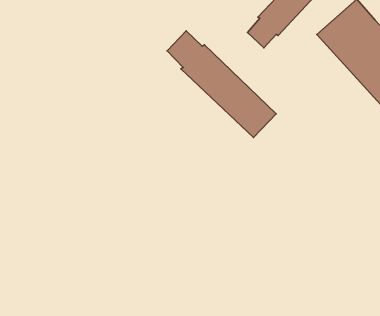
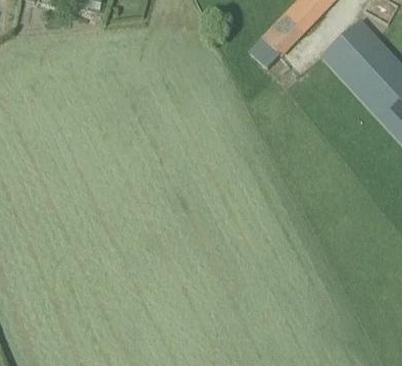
building: [167,31,276,138] -> none

